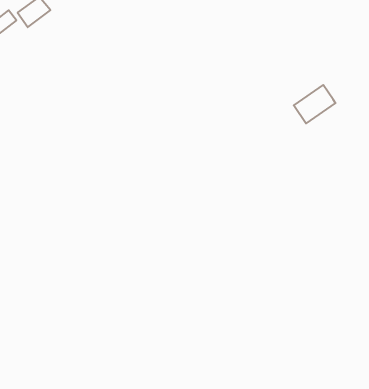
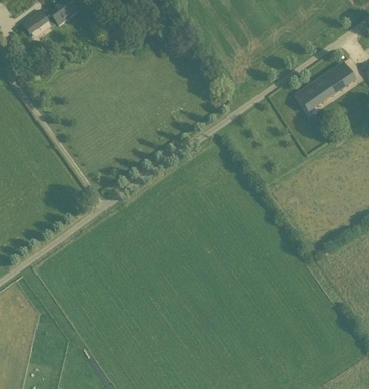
building: none -> [323,65,356,95]

